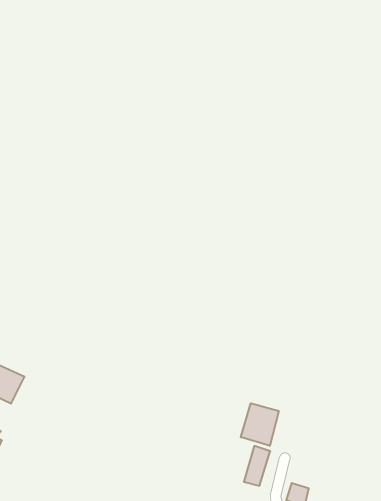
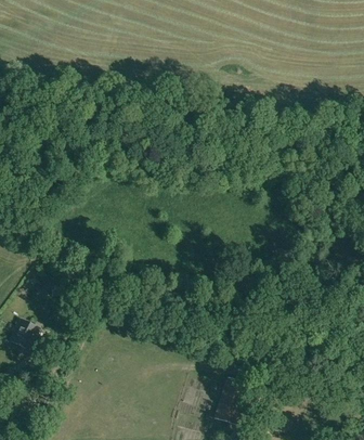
building: [241,403,279,446] -> none

